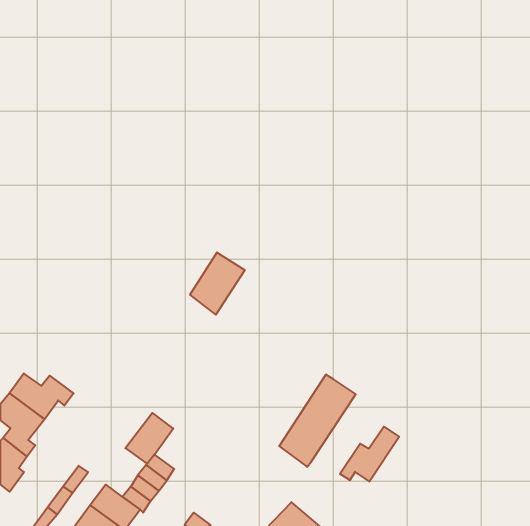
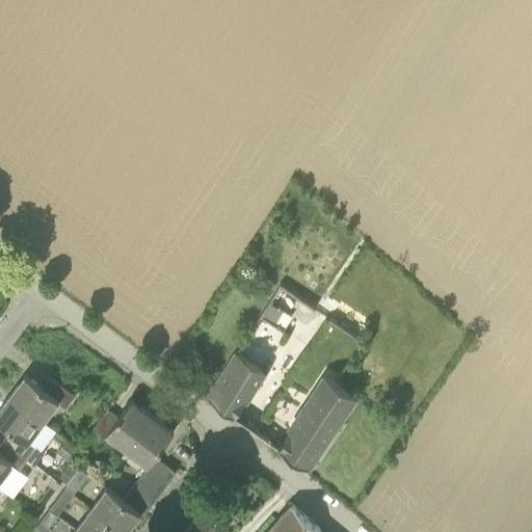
building: [190,252,245,315] -> [209,356,264,419]
building: none -> [89,402,153,453]
building: [340,427,399,482] -> none

